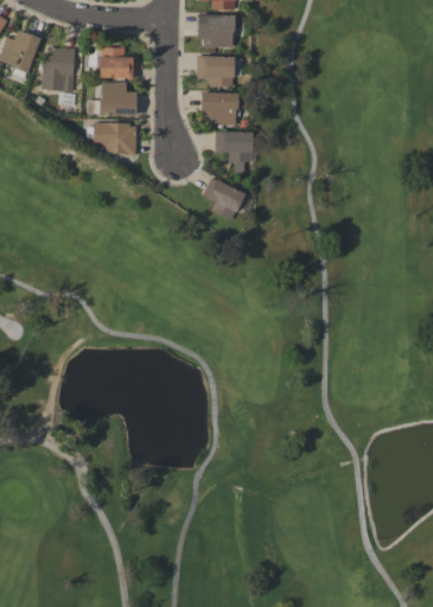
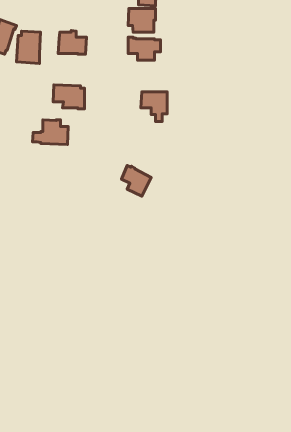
building: [88,82,138,116] -> [32,120,68,144]
building: [200,91,247,128] -> none
building: [203,177,244,219] -> [121,165,151,196]

